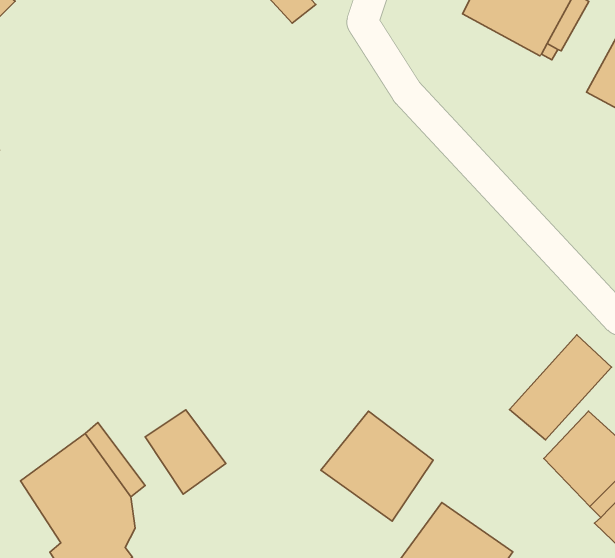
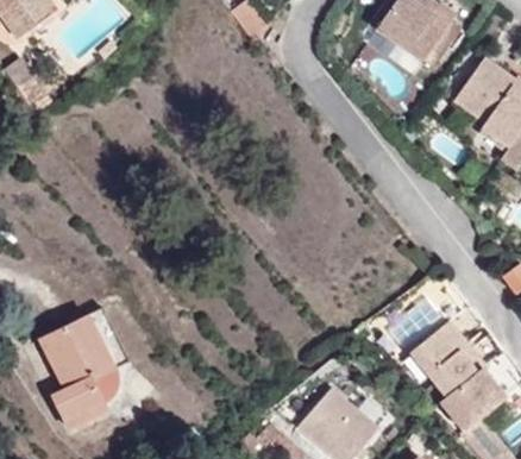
building: [145,410,226,494] -> none
building: [321,411,433,521] -> none

